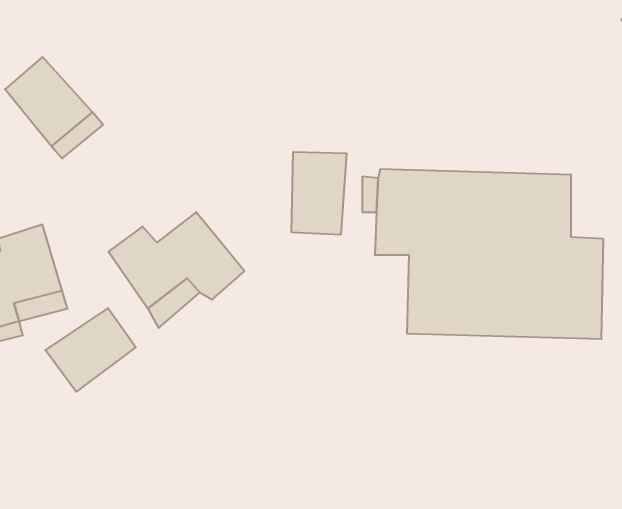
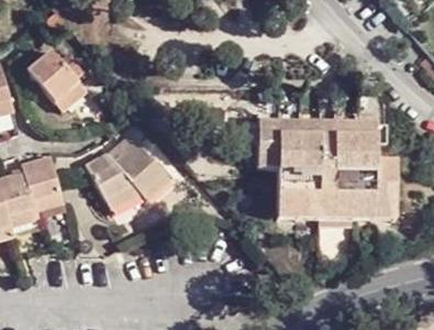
building: [292,152,346,235] -> none
building: [45,308,136,392] -> none

